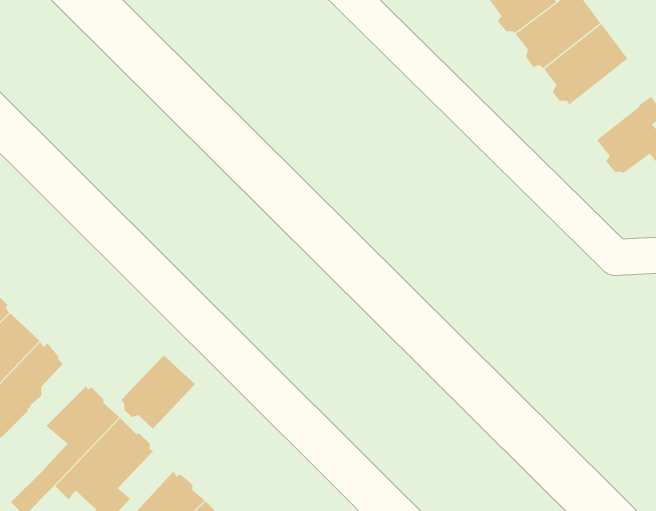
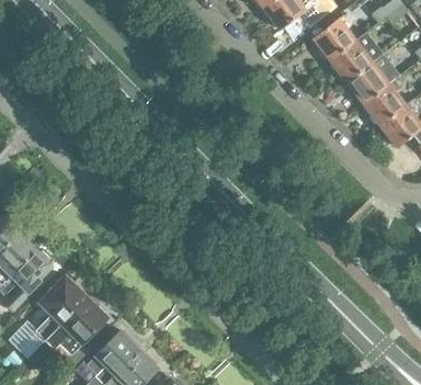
building: none -> [363,79,406,125]
building: [121,355,196,429] -> none

